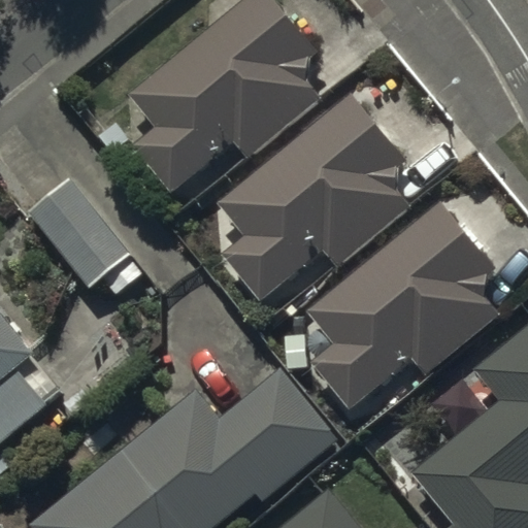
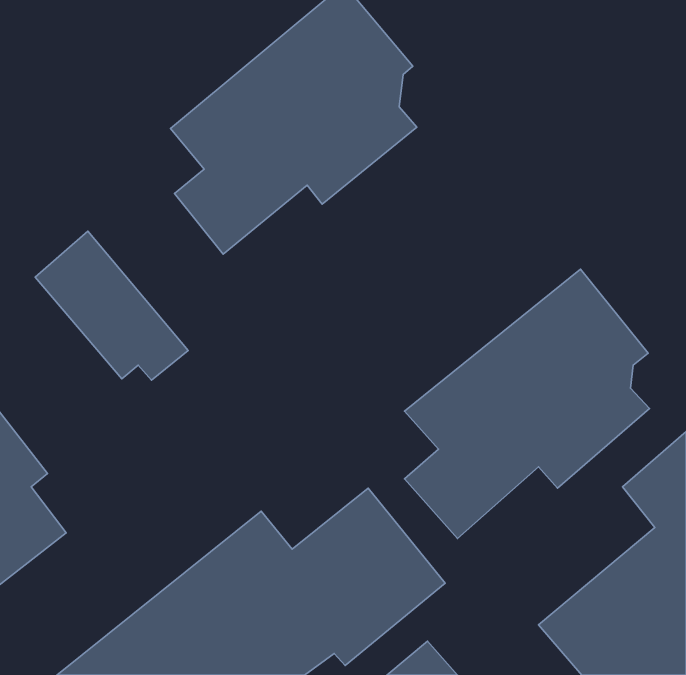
building: [219,94,405,301] -> none

